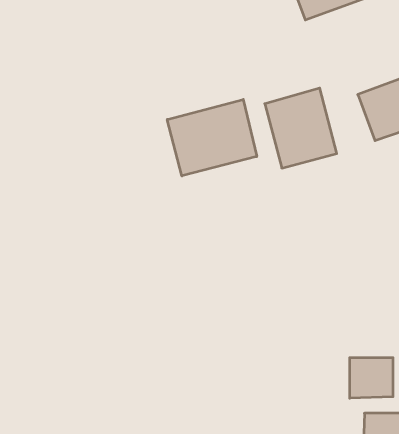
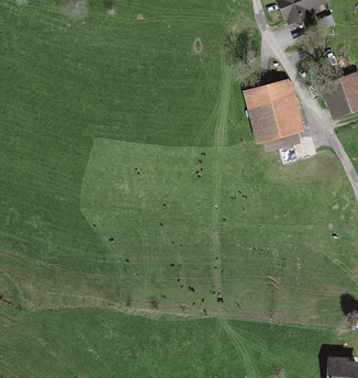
building: [167,99,257,176] -> none
building: [350,358,393,398] -> none

